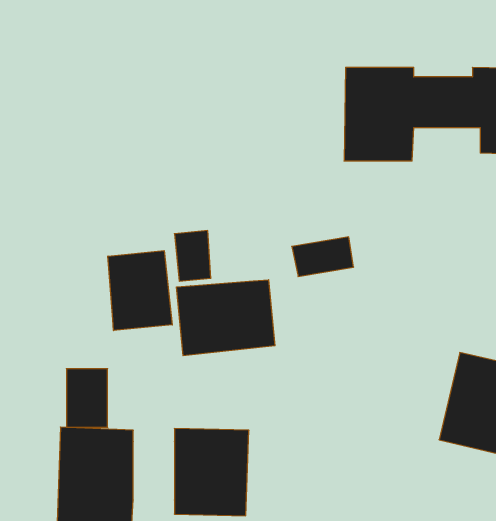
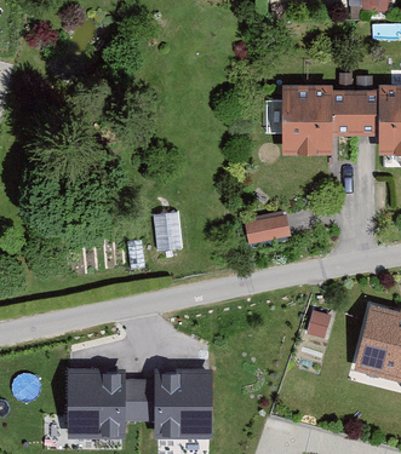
building: [108,251,172,331] -> none
building: [177,280,275,356] -> none
building: [66,369,108,427] -> [120,372,151,416]

